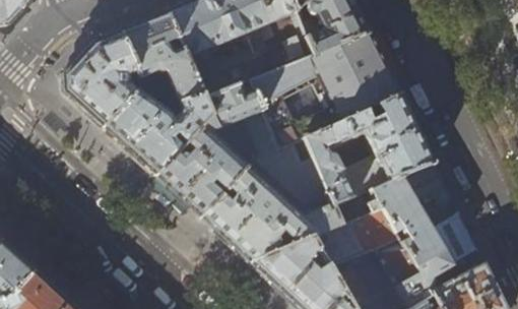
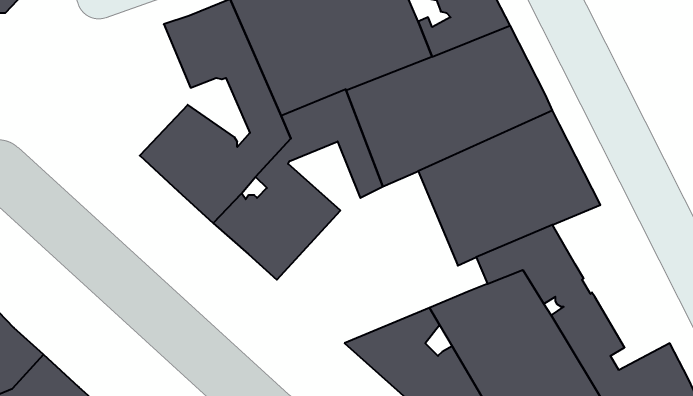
building: [63,33,141,127] -> none
building: [201,138,339,262] -> none
building: [399,163,452,207] -> none
building: [430,213,477,265] -> none

